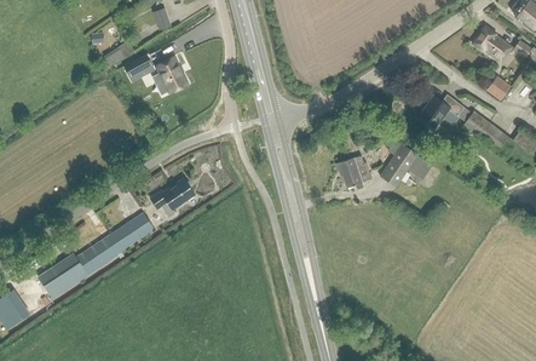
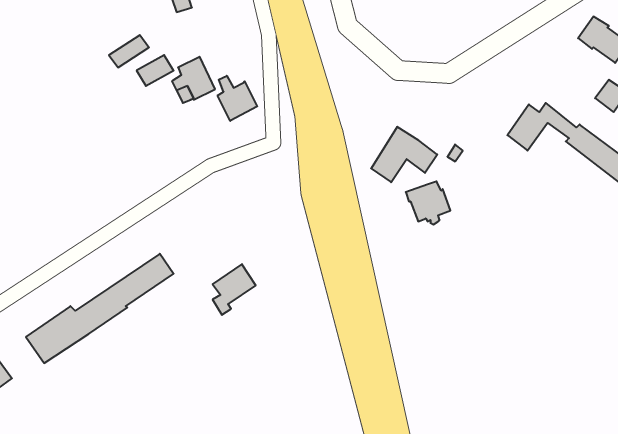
building: none -> [218,76,257,121]
building: [380,143,432,187] -> [371,127,437,182]
building: [161,177,195,217] -> [213,264,256,315]

